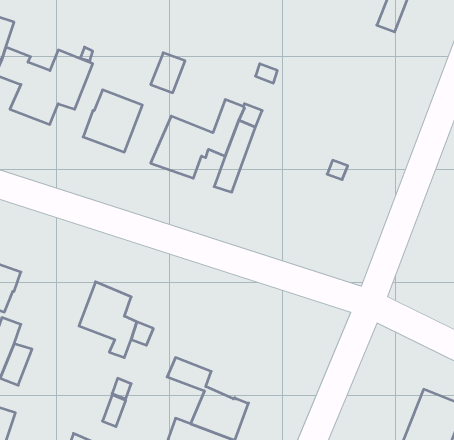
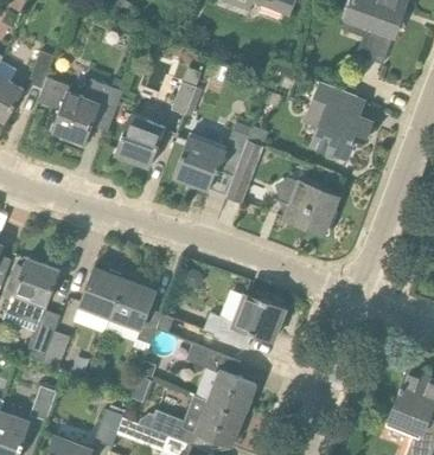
building: none -> [304,82,371,158]
building: none -> [285,181,338,236]
building: none -> [79,267,125,316]
building: none -> [204,294,286,350]

